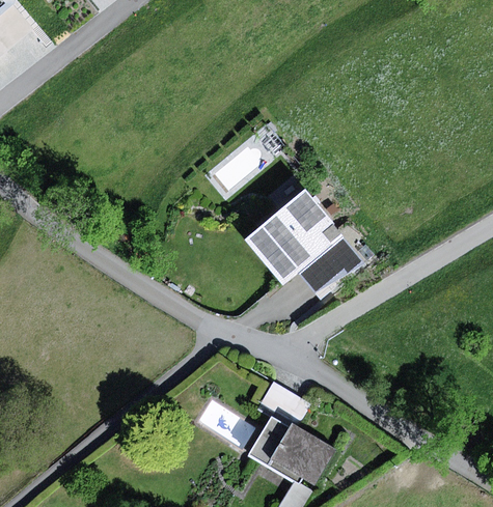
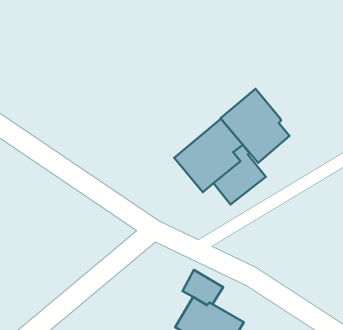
building: none -> [221,89,290,163]

